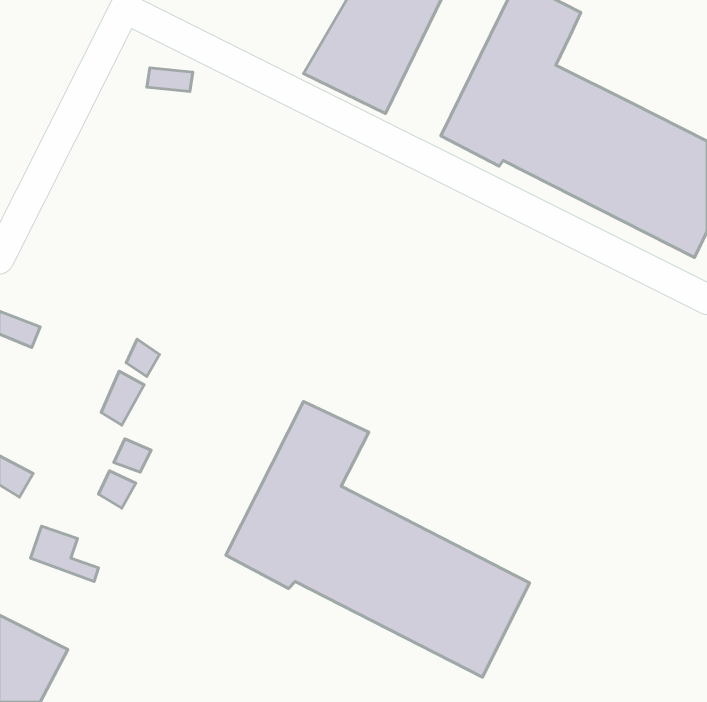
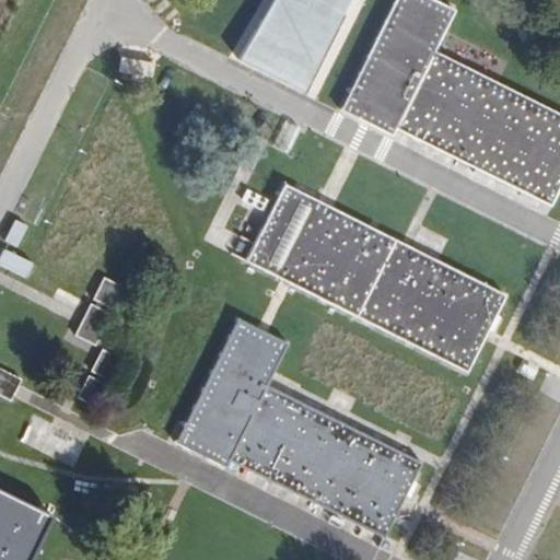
building: none -> [249,182,502,370]

